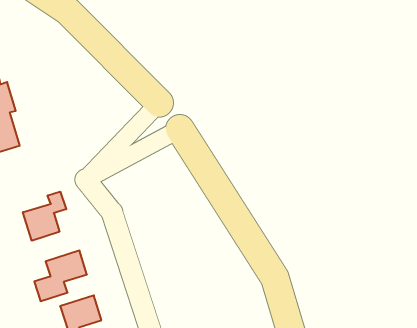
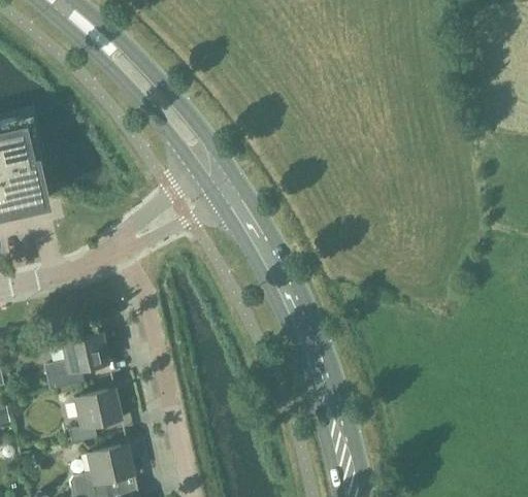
building: [23,192,66,241] -> none

